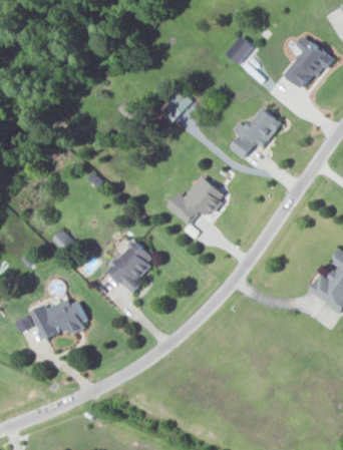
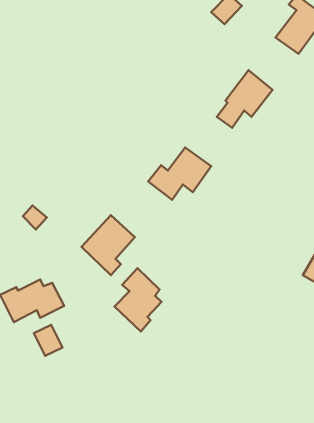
building: [160,94,193,122] -> none
building: none -> [114,268,161,332]
building: none -> [34,325,63,356]

